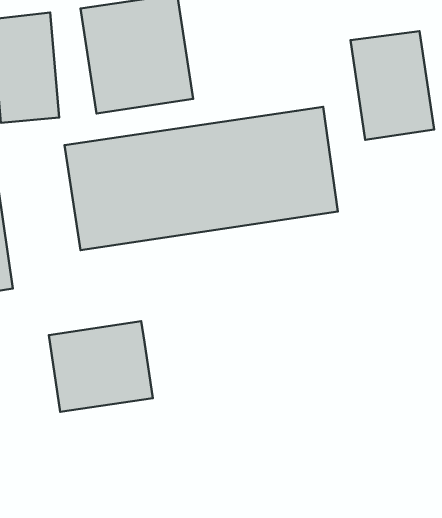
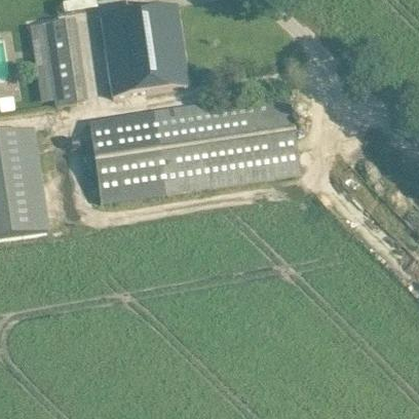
building: [350,31,434,140] -> none
building: [49,321,153,412] -> none

